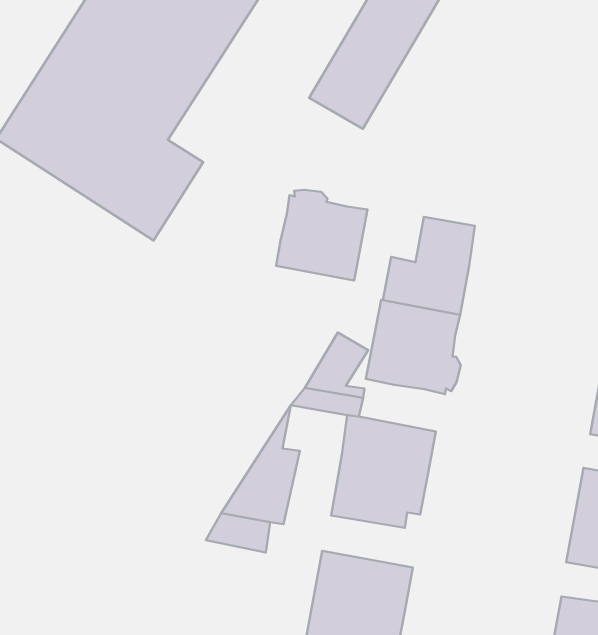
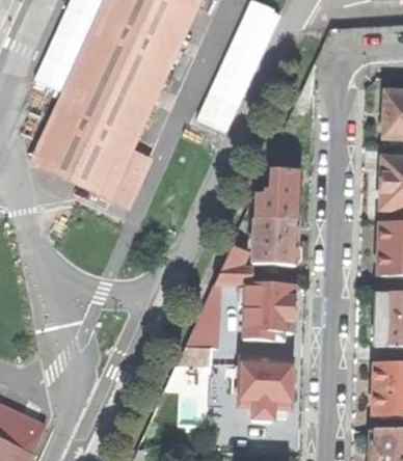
building: [276,190,367,280] -> none

